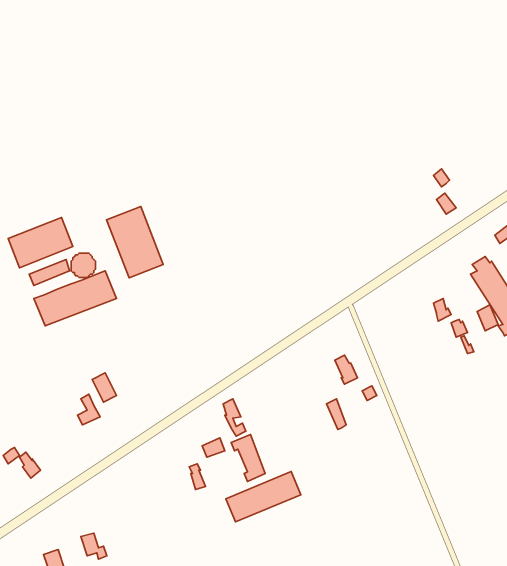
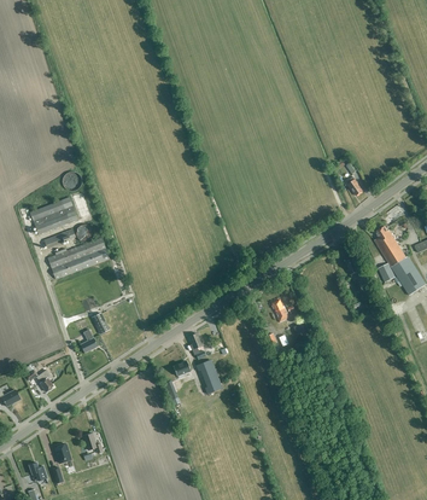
building: [107,206,163,278] -> none
building: [226,471,301,522] -> none

